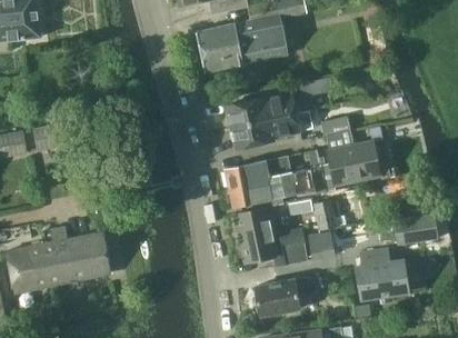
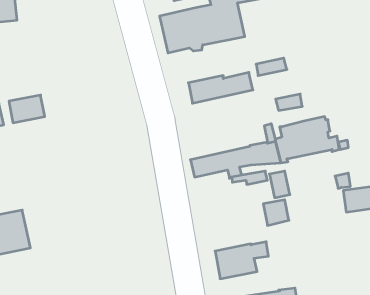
building: [231,111,301,147] -> none
building: [226,155,293,187] -> none
building: [232,207,308,266] -> none
building: [47,225,111,282] -> none
building: [356,247,409,296] -> none

